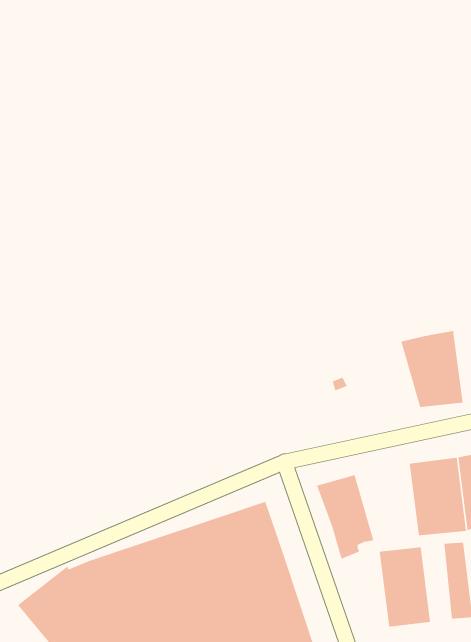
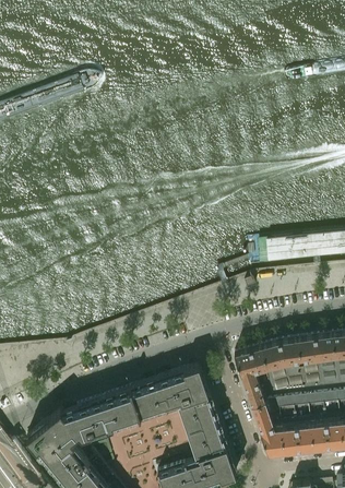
building: [401,331,463,408] -> [261,341,305,394]
building: none -> [307,396,328,451]
building: none -> [251,402,284,456]

